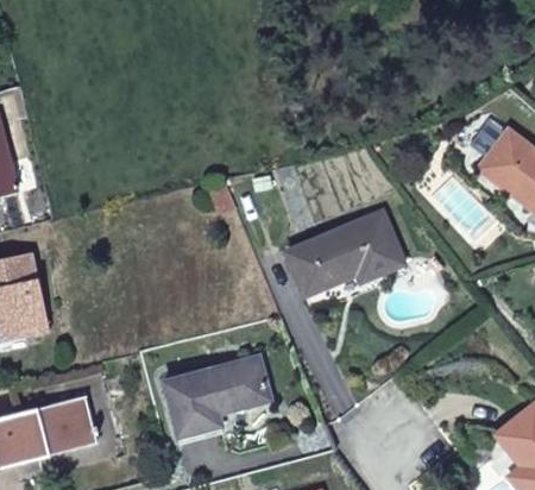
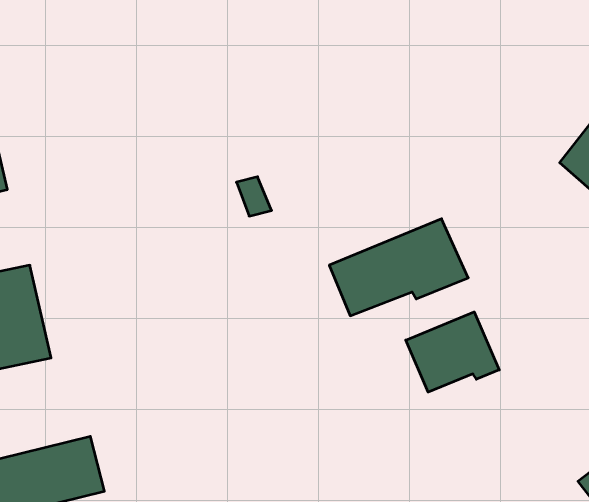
building: none -> [406,312,499,392]
building: [164,357,269,436] -> none

